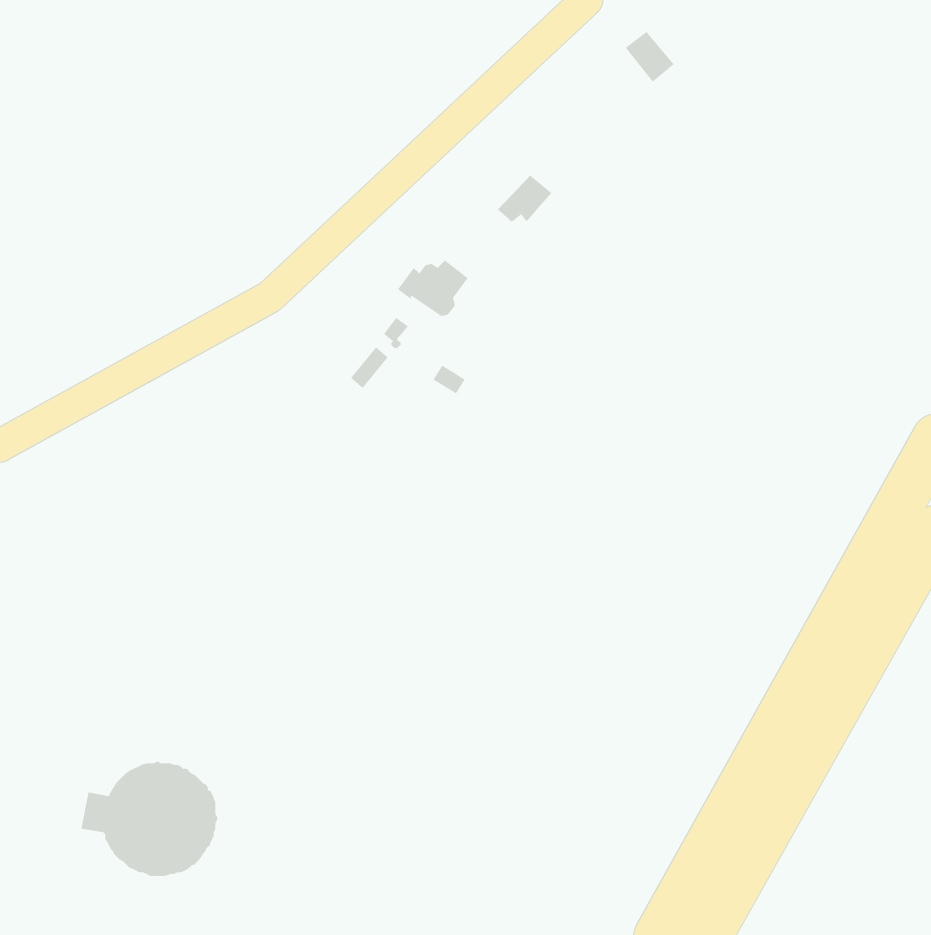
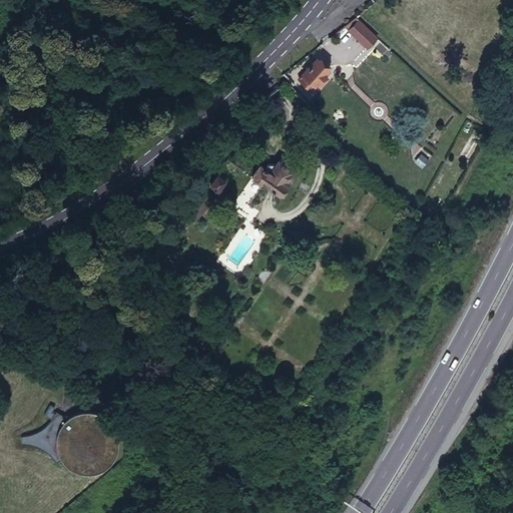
building: [497,175,552,222] -> [301,60,331,86]
building: [397,260,469,317] -> [255,161,295,192]

